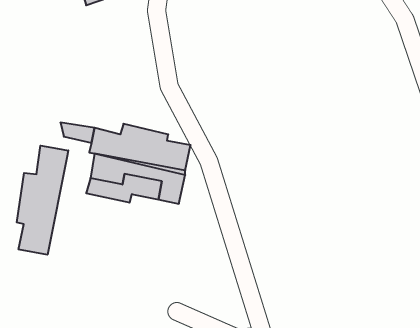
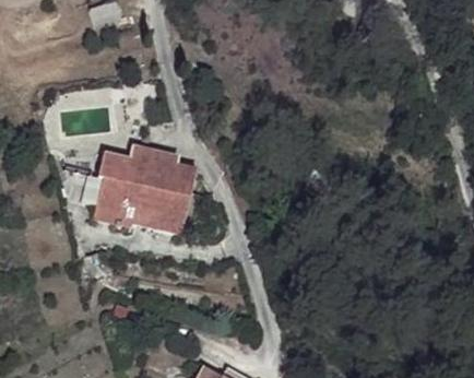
building: [17,146,68,255] -> none

